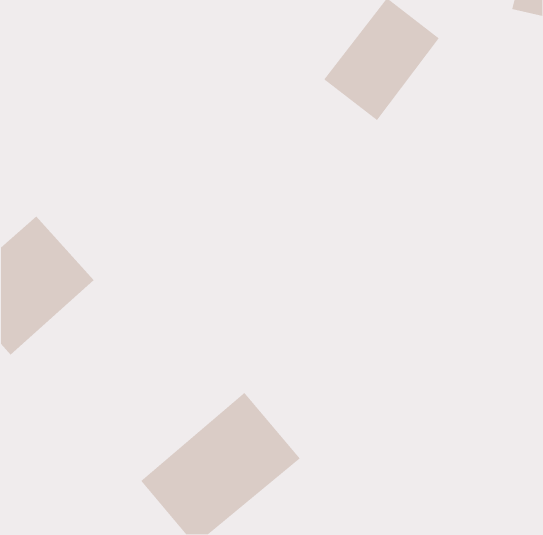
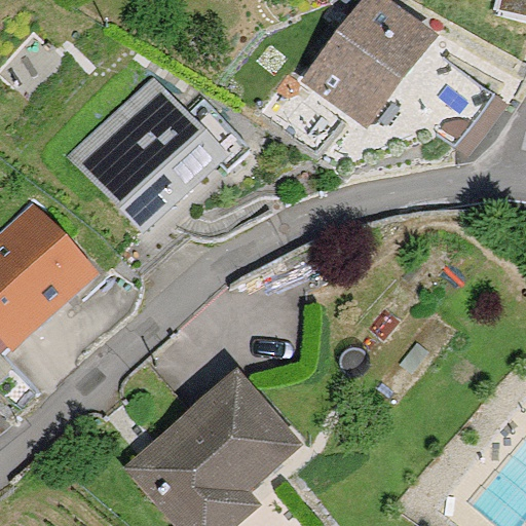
building: none -> [76,81,250,225]

